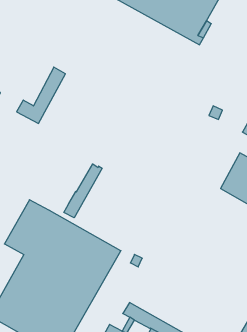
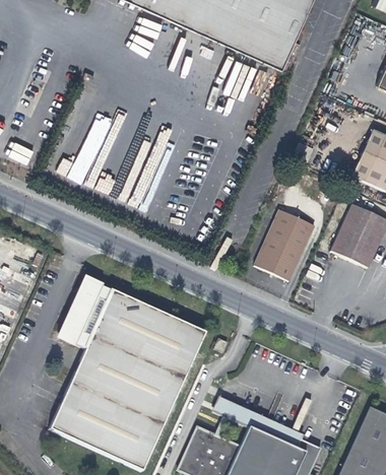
building: none -> [248,204,309,276]
building: [64,164,102,218] -> none

